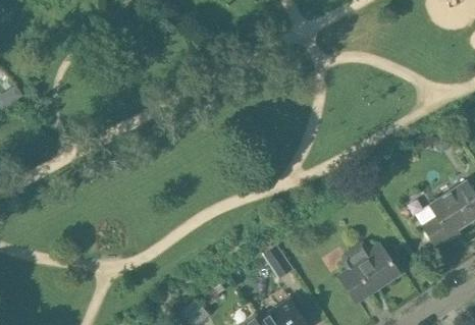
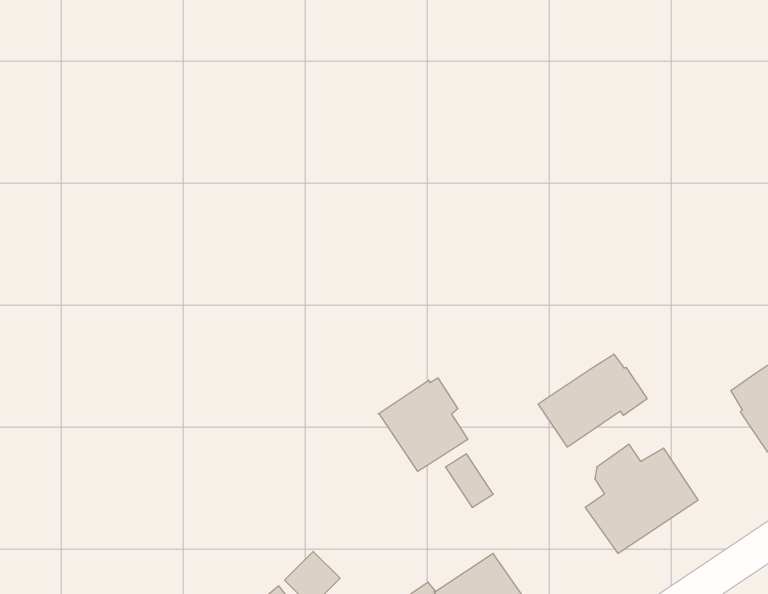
building: none -> [538,354,647,447]
building: none -> [378,378,468,472]

